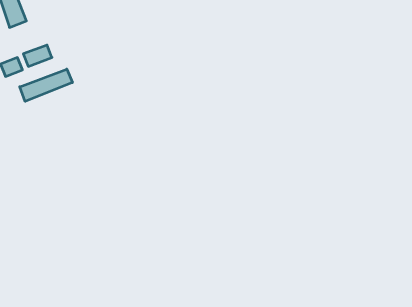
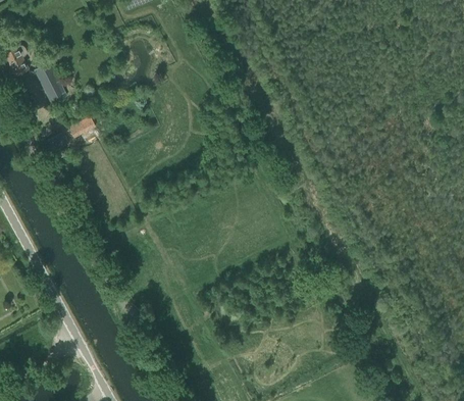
building: [20,69,72,101] -> none

